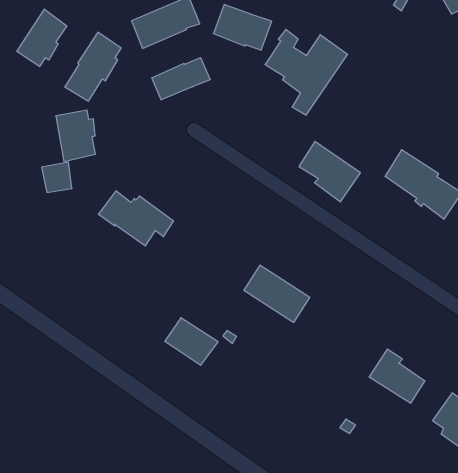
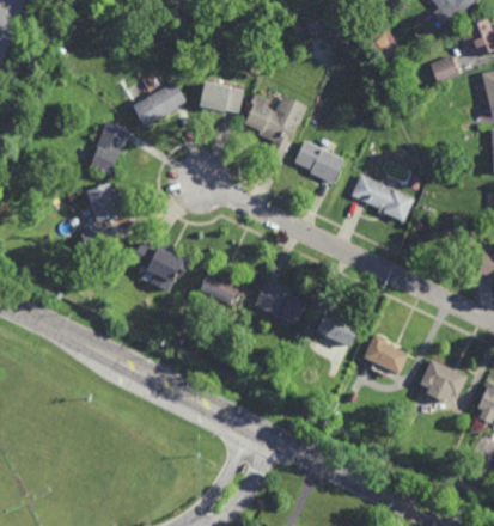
building: [17,9,67,67] -> none
building: [152,58,210,100] -> none
building: [299,141,360,202] -> [295,141,344,185]
building: none -> [316,310,359,347]
building: [165,318,218,365] -> [199,270,240,305]

